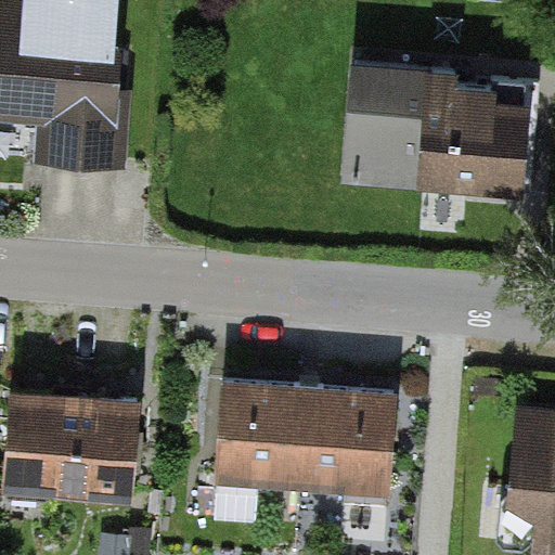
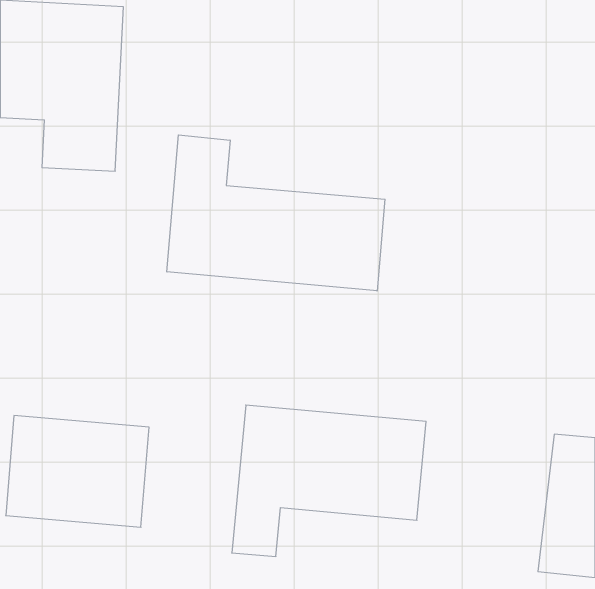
building: [349,69,542,190] -> none
building: none -> [167,135,385,291]

